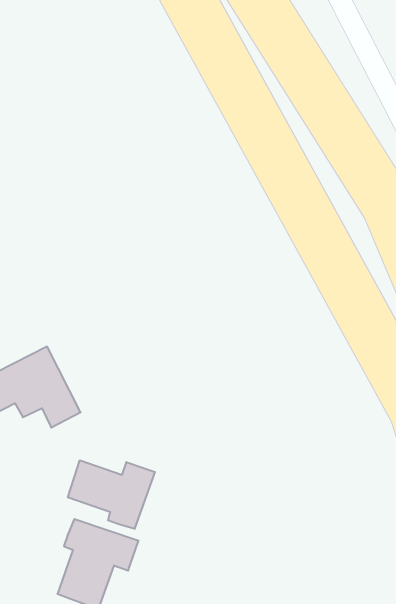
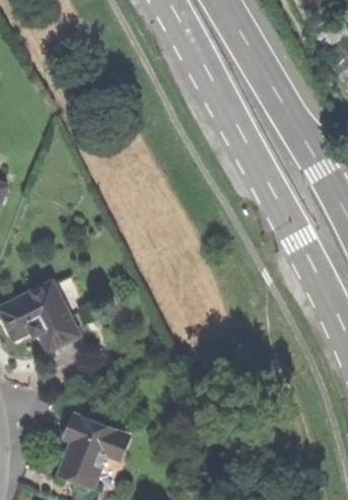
building: [68,460,155,529] -> none

